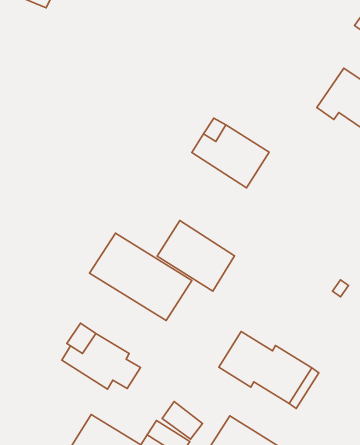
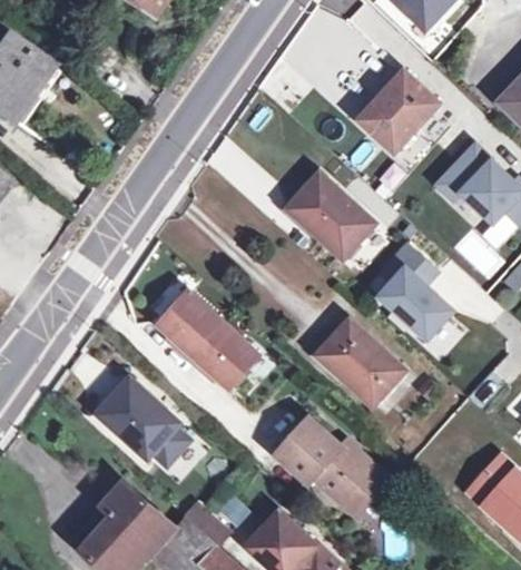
building: none -> [357,70,439,151]
building: none -> [376,245,450,338]
building: [157,221,235,291] -> [317,320,404,405]

